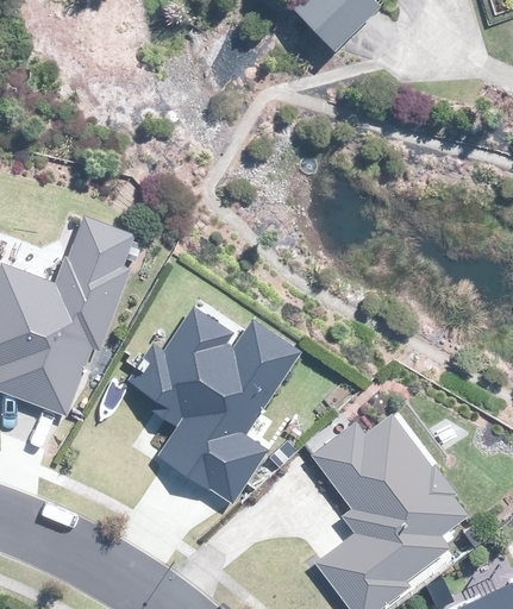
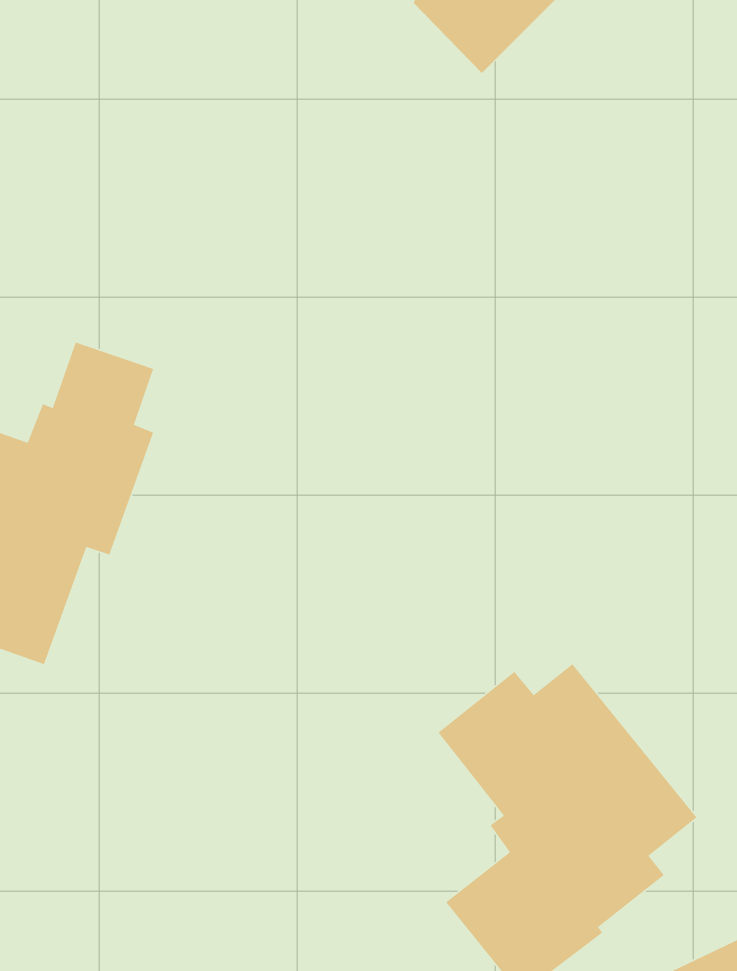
building: [129,301,302,507] -> none

